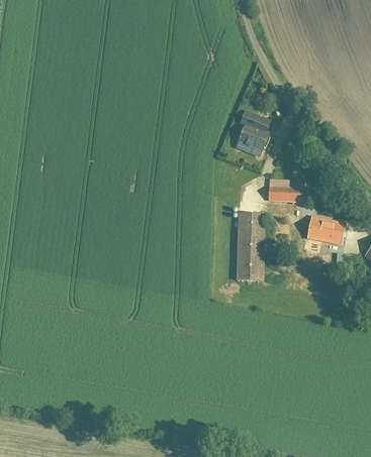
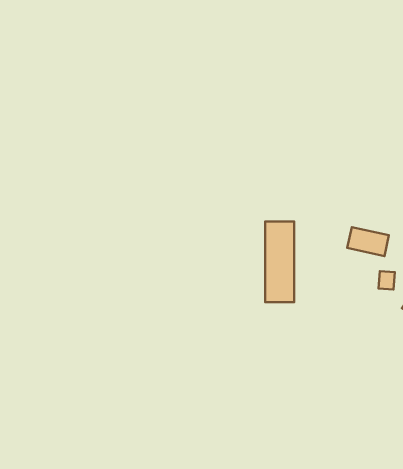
building: [236,112,264,149] -> none
building: [267,184,302,203] -> none

